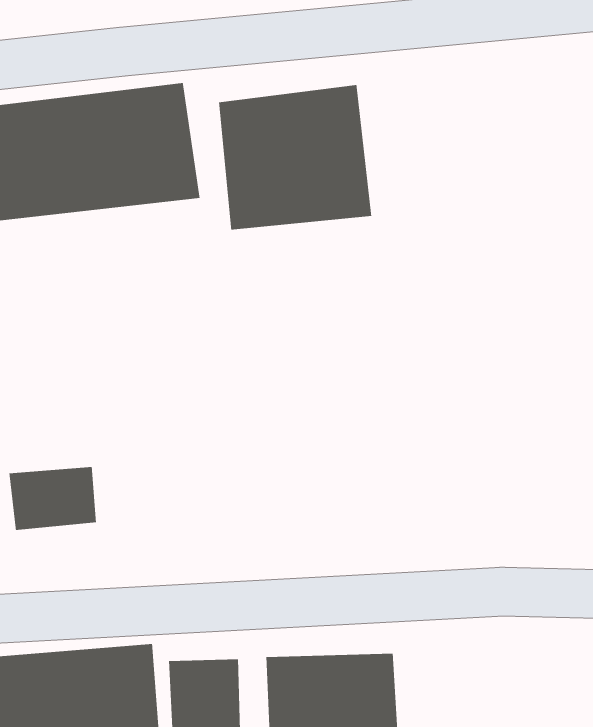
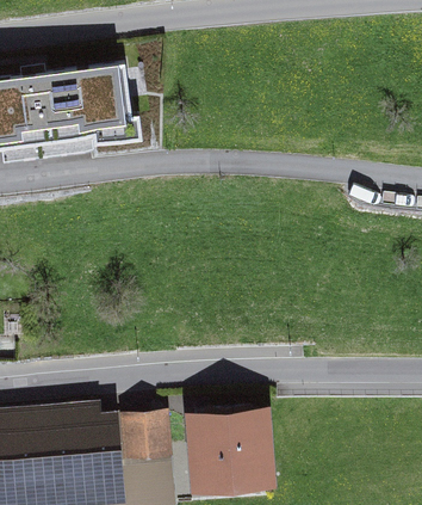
building: [218,84,372,230] -> none
building: [9,466,97,531] -> none

